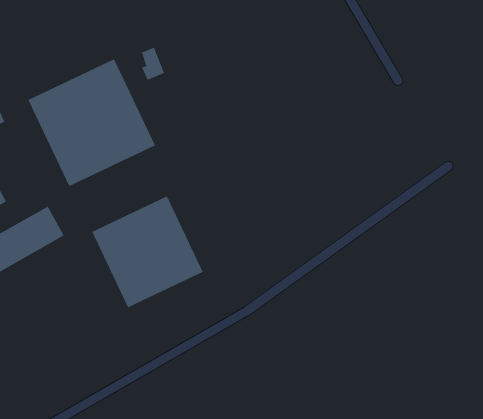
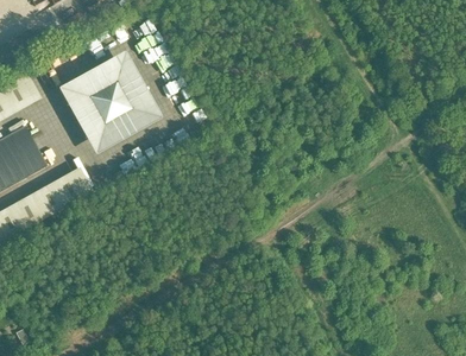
building: [92,196,203,308] -> none

